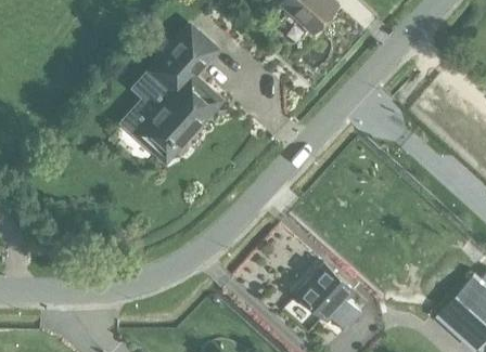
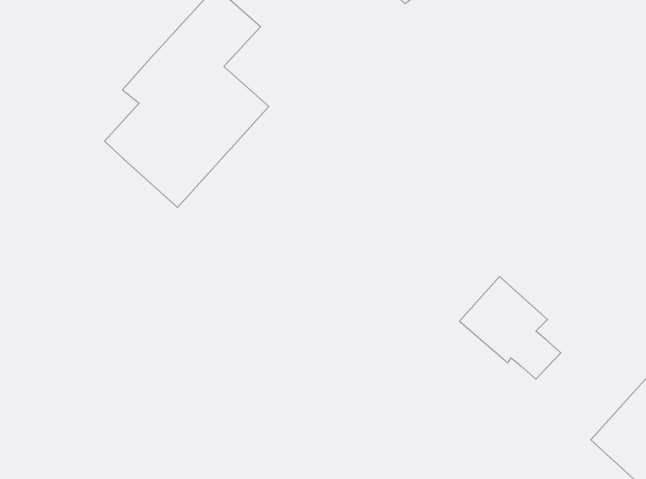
building: [297,264,363,331] -> [460,276,561,379]

